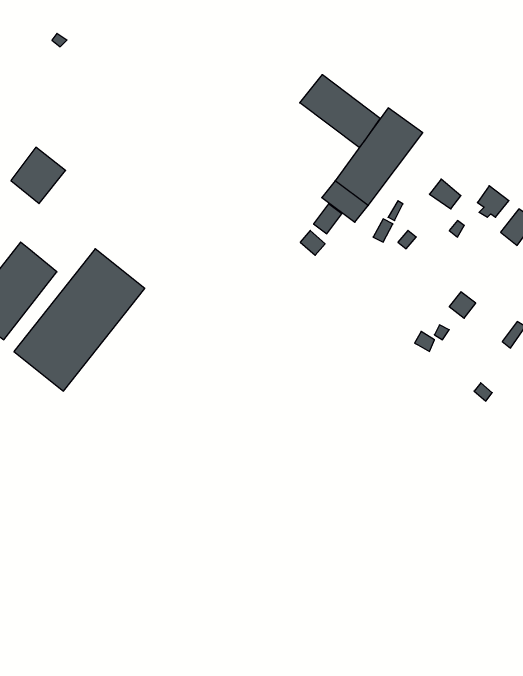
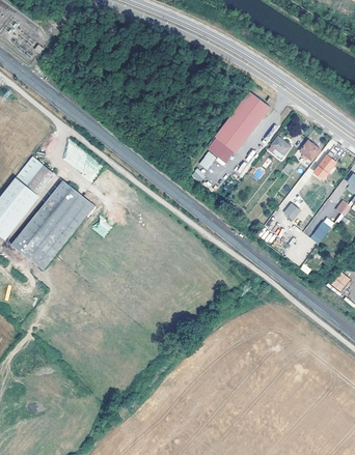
building: [300,75,380,148] -> none
building: [11,147,66,204] -> [21,159,55,194]

